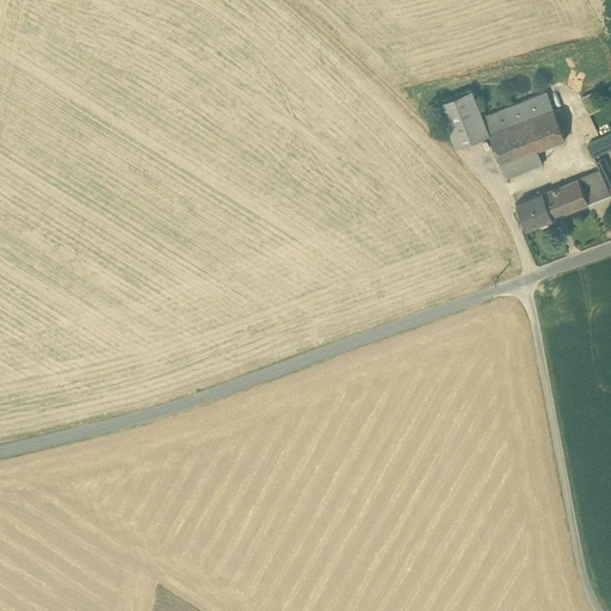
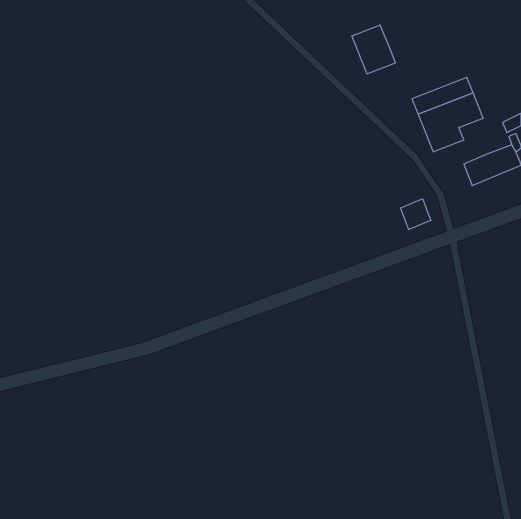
building: [438,92,489,149] -> [352,25,396,74]
building: [517,195,553,230] -> [400,199,431,229]

